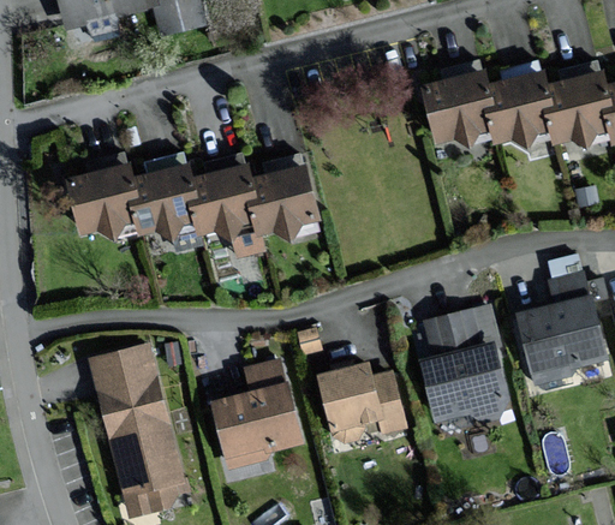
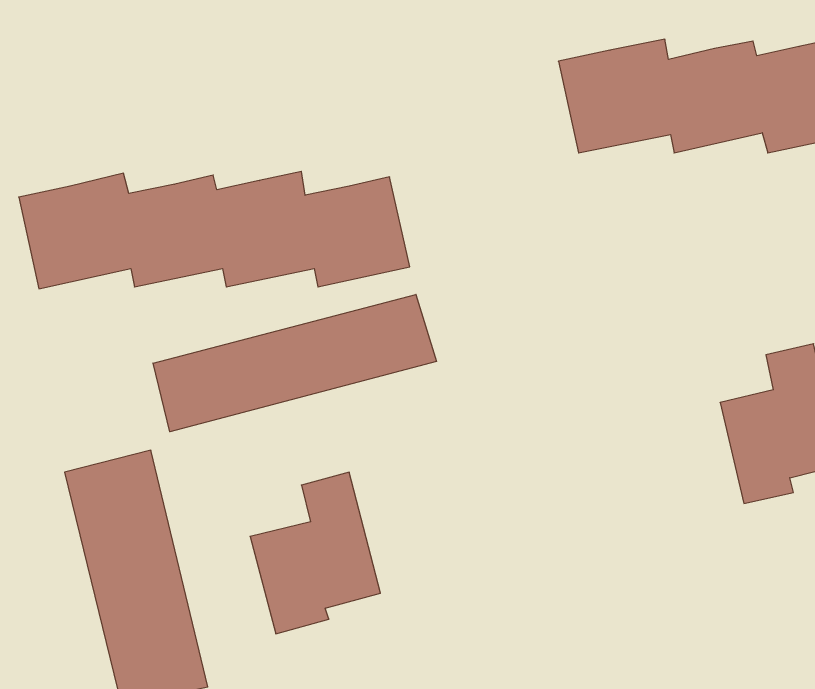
building: none -> [153,294,436,432]
building: [426,308,506,413] -> none
building: [322,363,402,437] -> none

